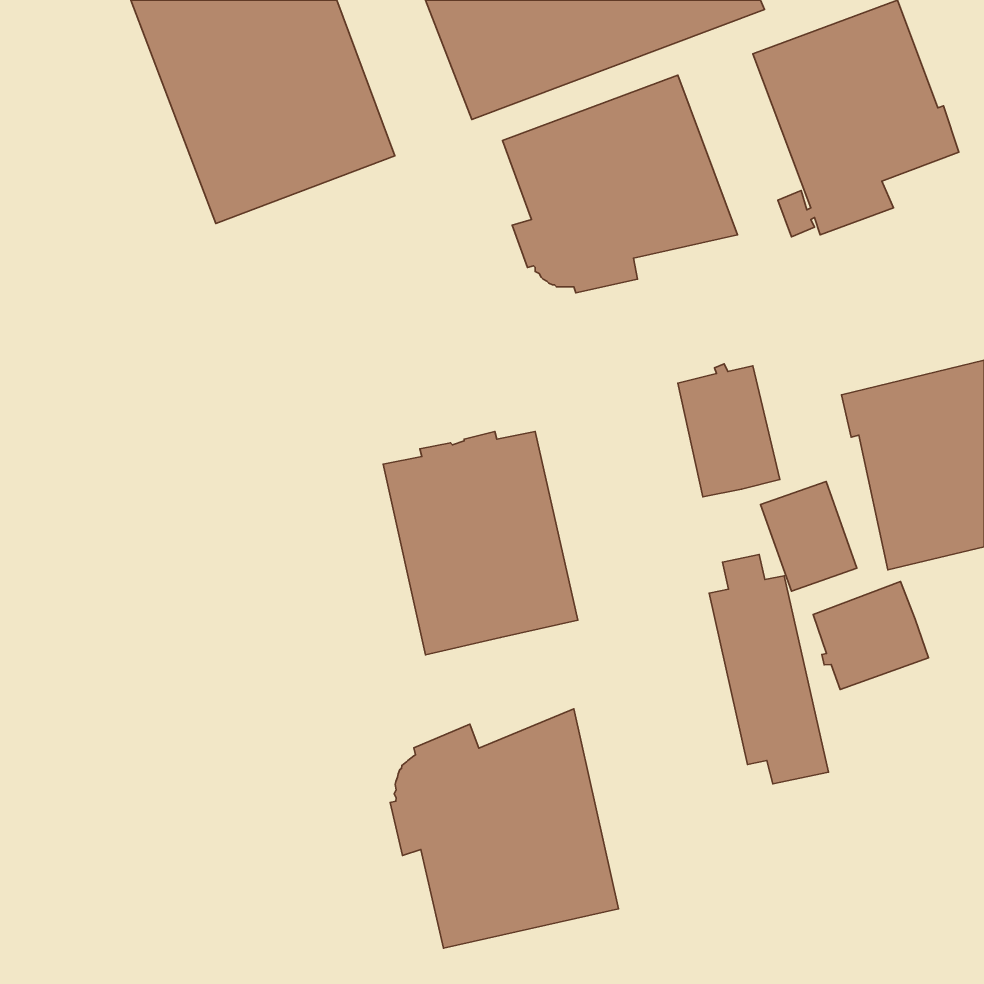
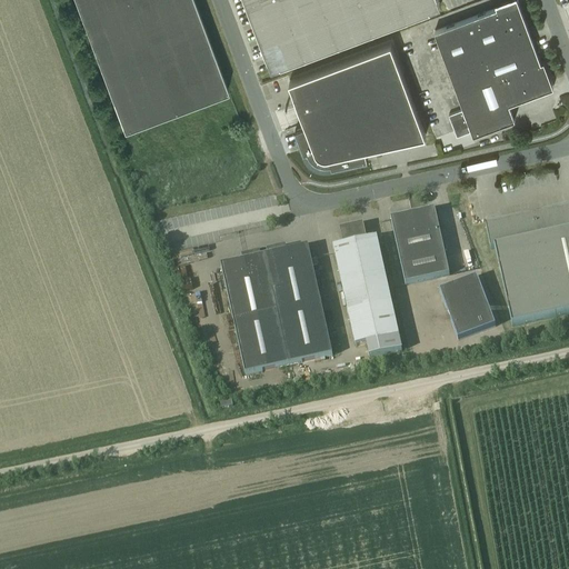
building: [709,555,829,784] -> [333,228,402,360]
building: [813,582,929,689] -> none
building: [390,709,619,948] -> none

